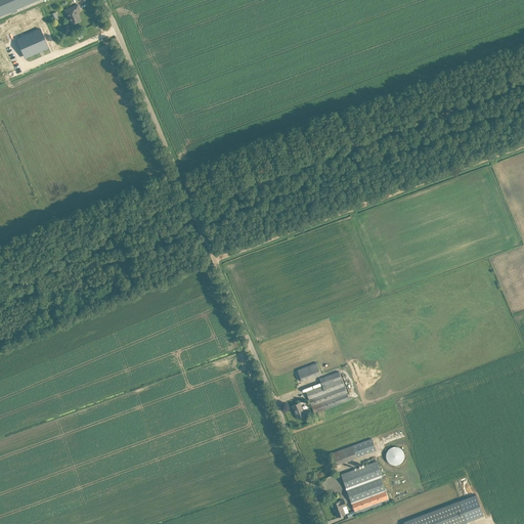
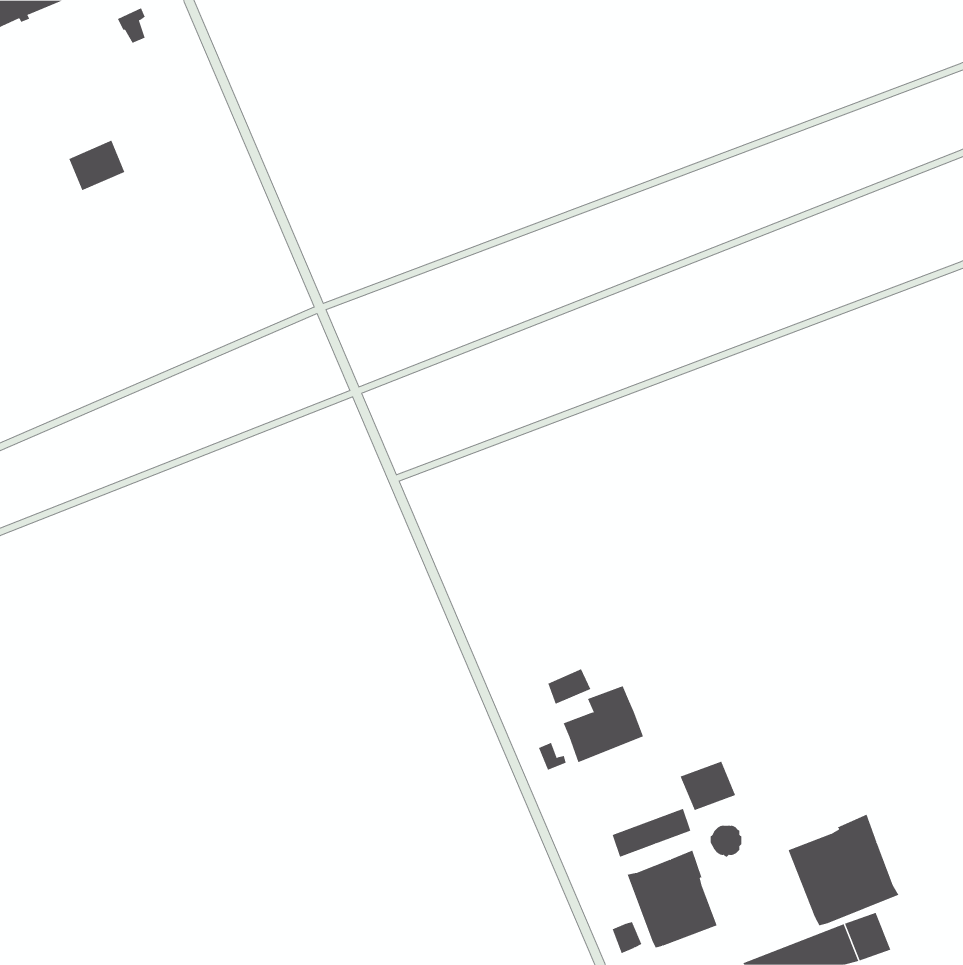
building: [16,29,47,56] -> [68,140,125,191]
building: none -> [680,761,736,811]
building: none -> [788,814,899,926]

